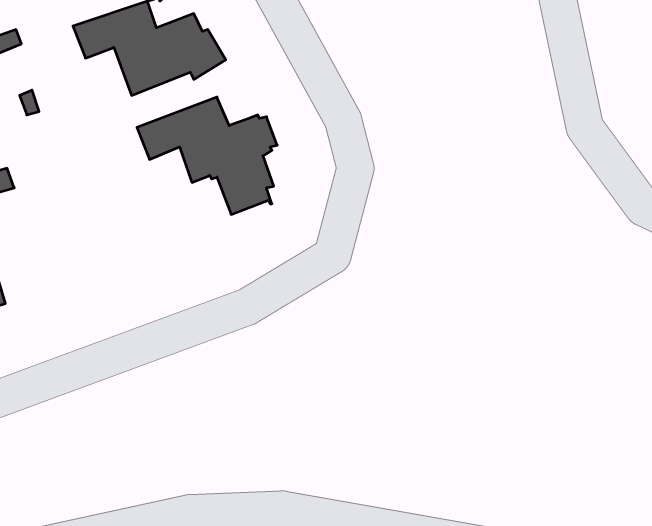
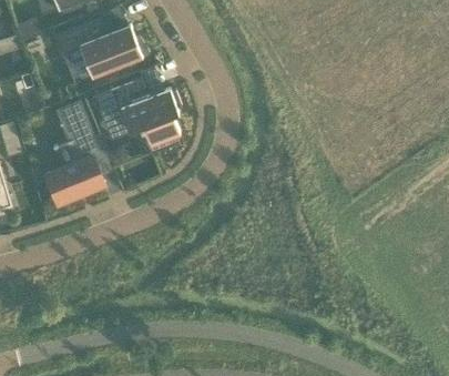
building: none -> [45,103,105,206]

